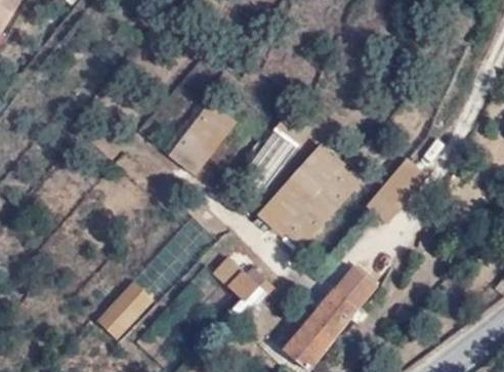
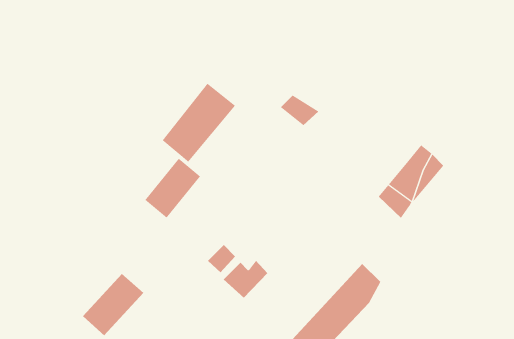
building: [258,148,361,247] -> none
building: none -> [144,158,201,218]

